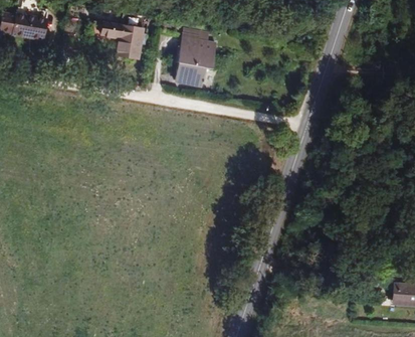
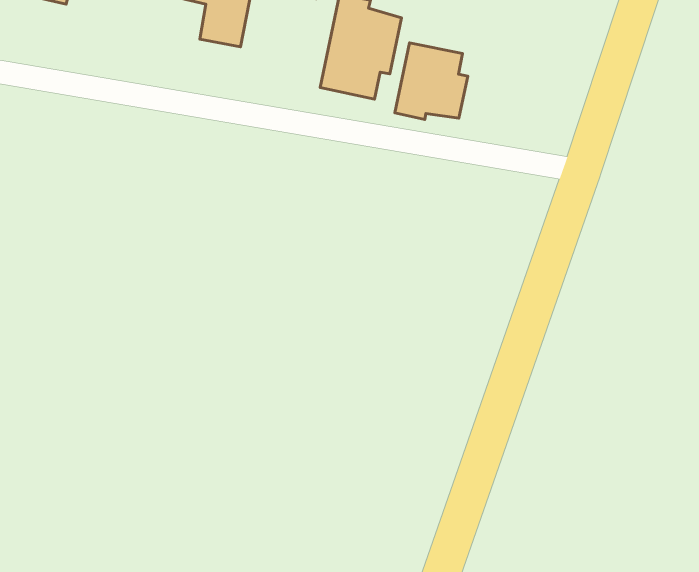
building: none -> [395,43,468,119]

